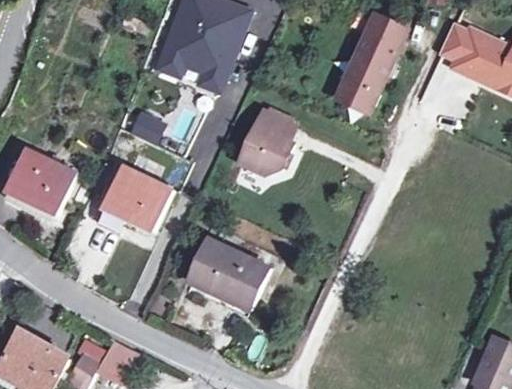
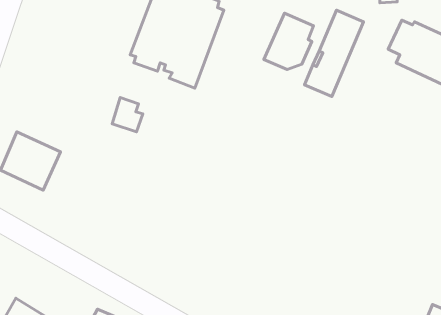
building: [243,110,298,172] -> [264,13,314,70]
building: [104,166,170,228] -> none
building: [191,241,270,309] -> none

